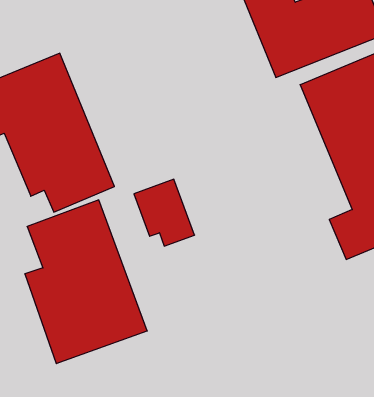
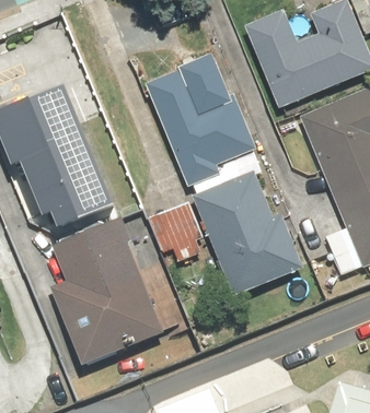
building: none -> [141,51,256,186]
building: none -> [190,168,303,295]

